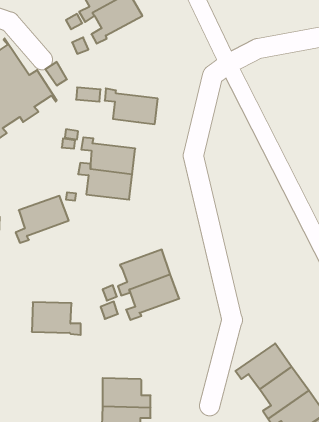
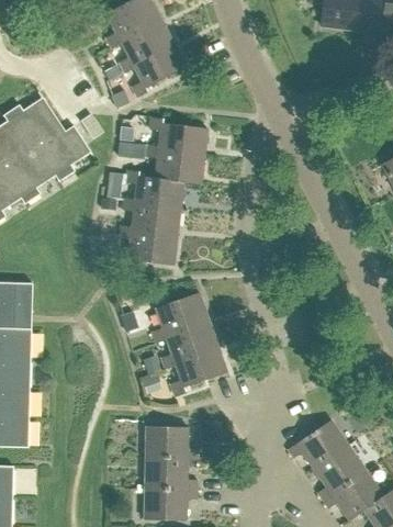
building: none -> [149,117,206,156]
building: none -> [124,170,182,210]
building: [16,196,69,243] -> [150,292,207,343]
building: [32,302,81,335] -> [144,425,196,460]

